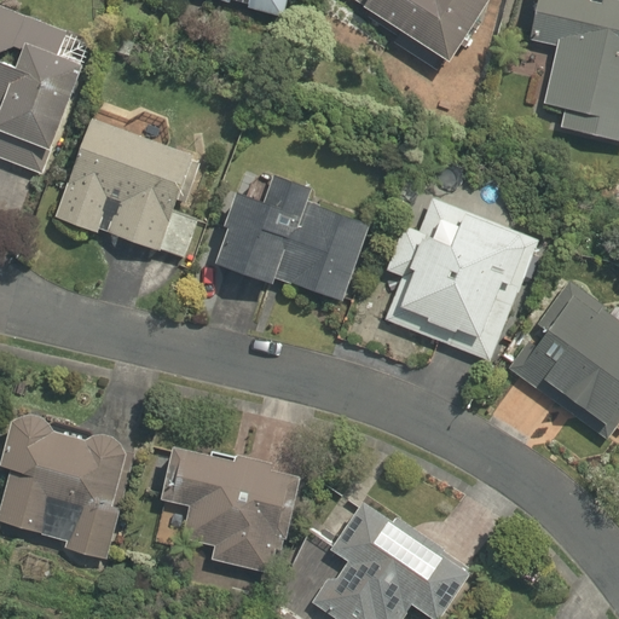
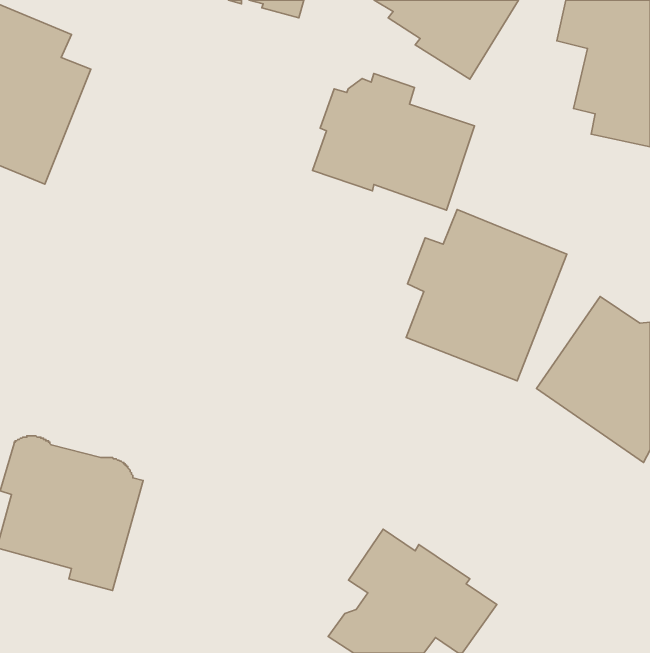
building: [56,111,197,258] -> none
building: [215,172,369,301] -> [312,73,475,210]
building: [162,445,301,572] -> none

